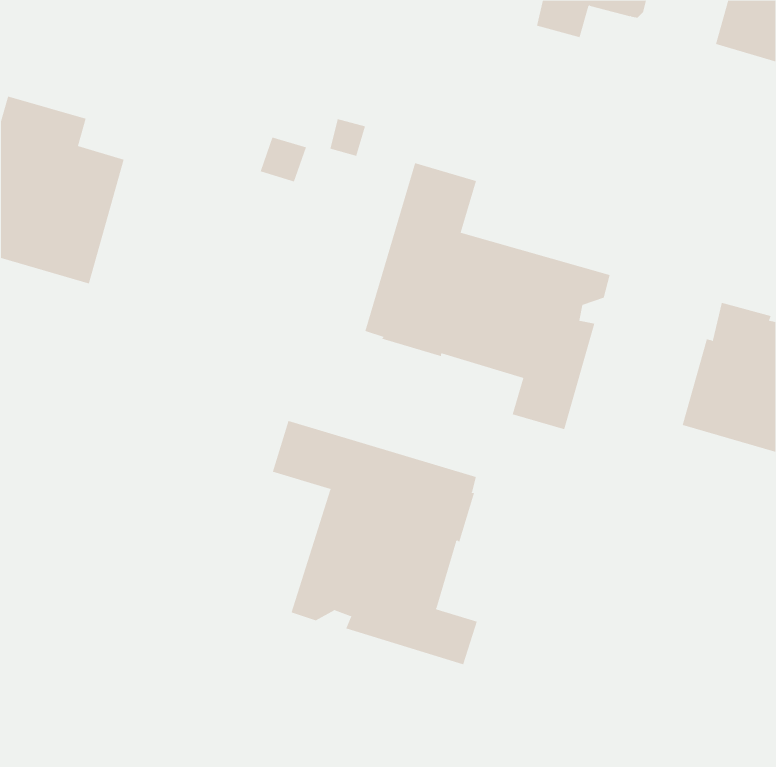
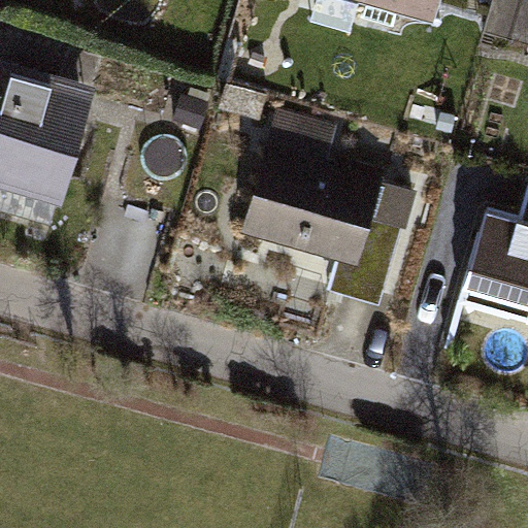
building: [272,420,477,665] -> none

